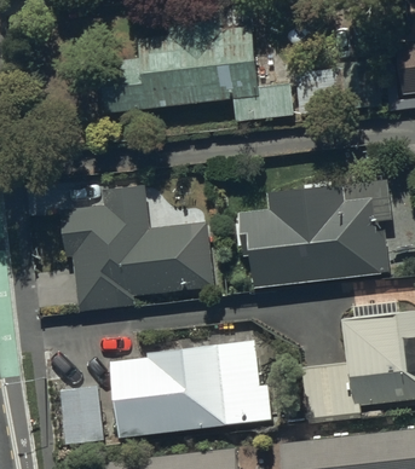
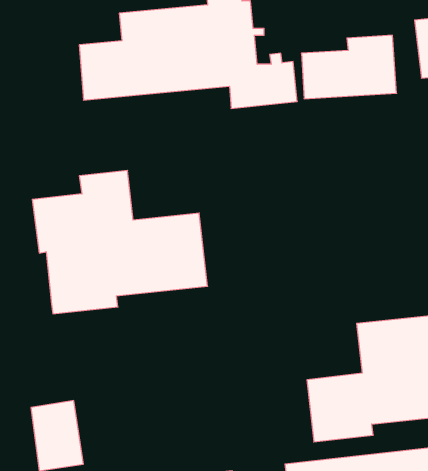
building: [238,184,388,286] -> none
building: [110,340,271,436] -> none

